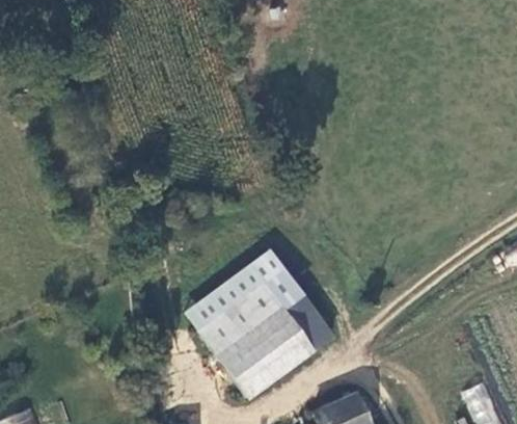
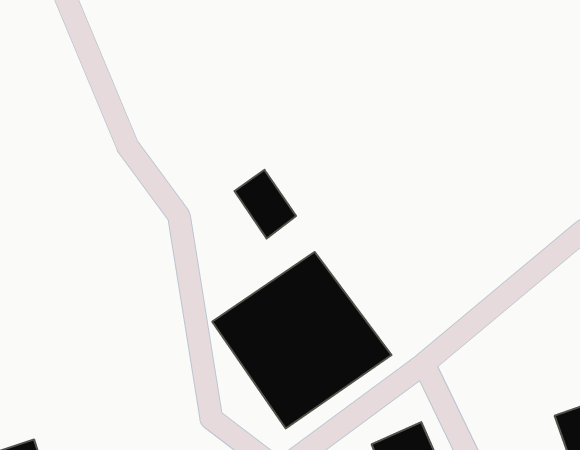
building: none -> [234,170,296,239]

